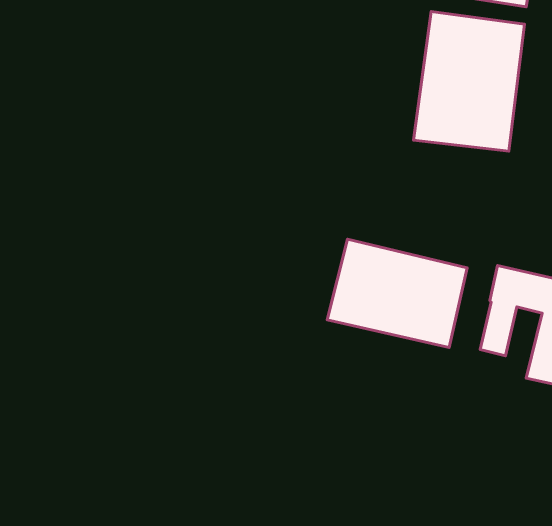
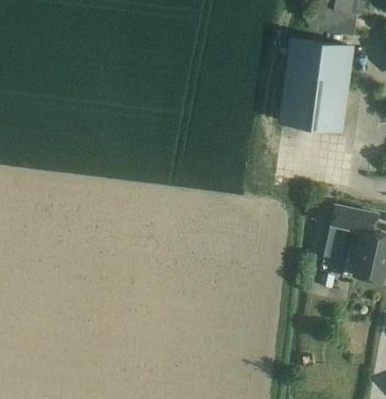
building: [327,239,467,347] -> none

